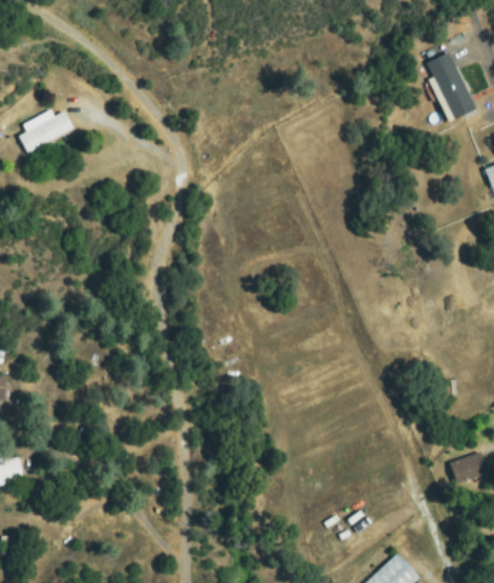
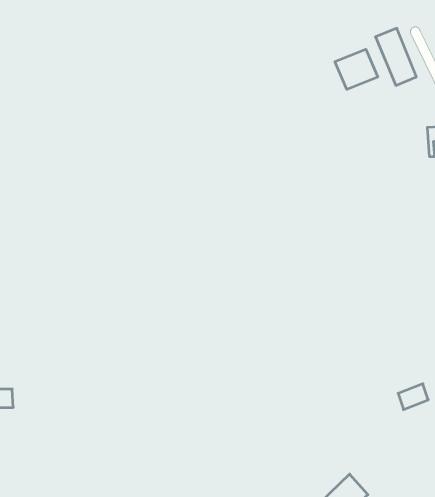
building: none -> [335,49,378,89]
building: [18,111,70,151] -> none

